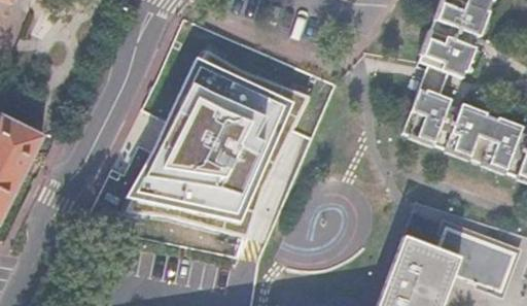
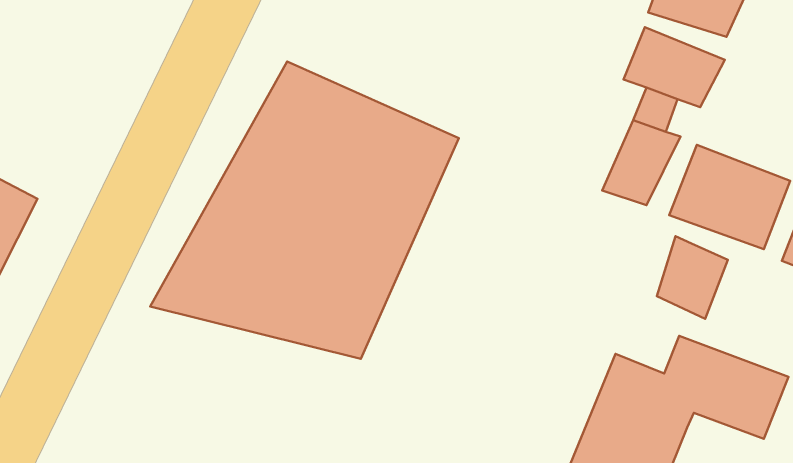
building: none -> [657,236,728,319]

